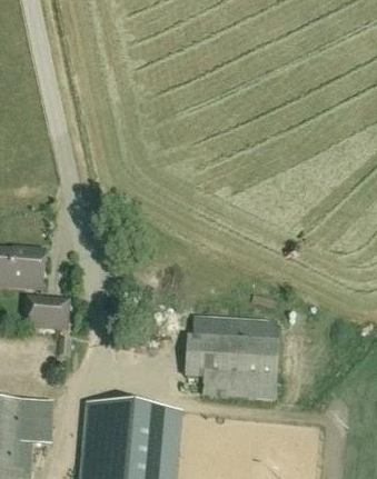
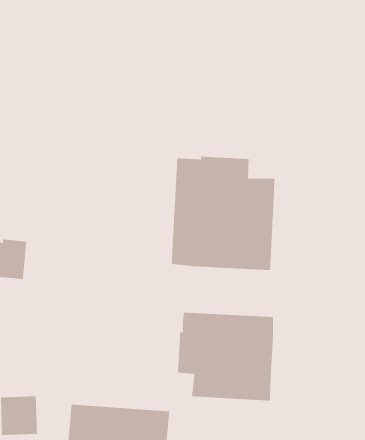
building: none -> [171,156,275,271]
building: [26,298,68,328] -> none

